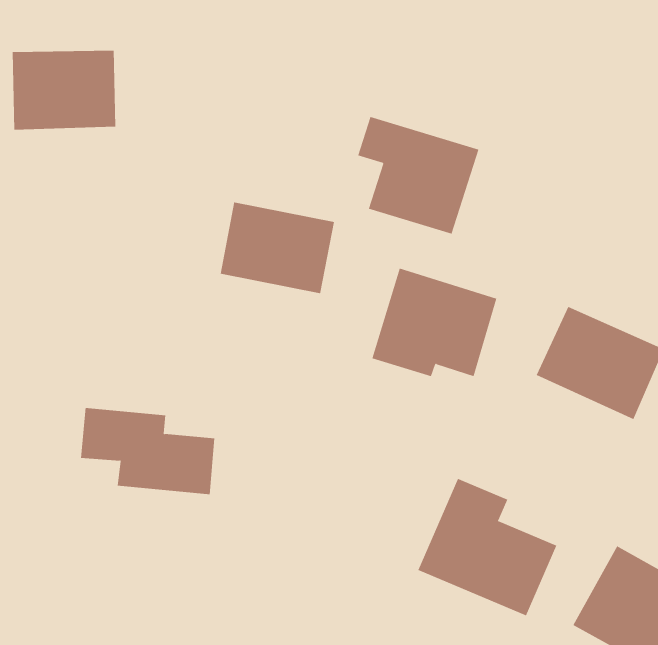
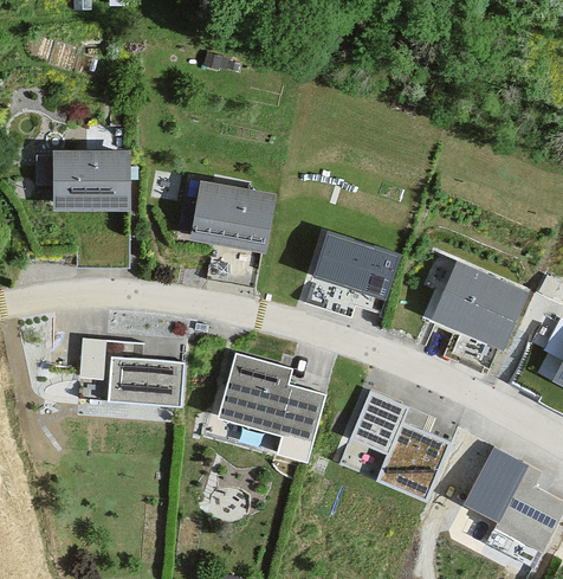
building: [12,50,116,130] -> [51,150,131,212]
building: [357,116,479,235] -> none
building: none -> [215,353,328,468]

